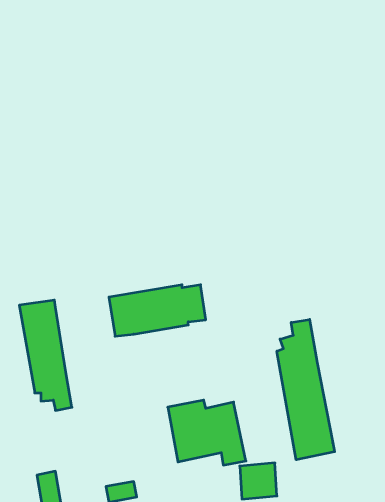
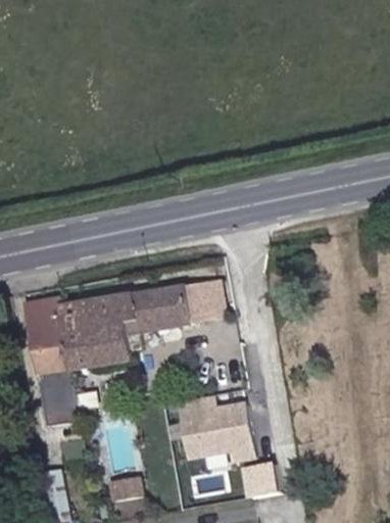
building: none -> [60,295,140,370]
building: [277,319,335,460] -> none

